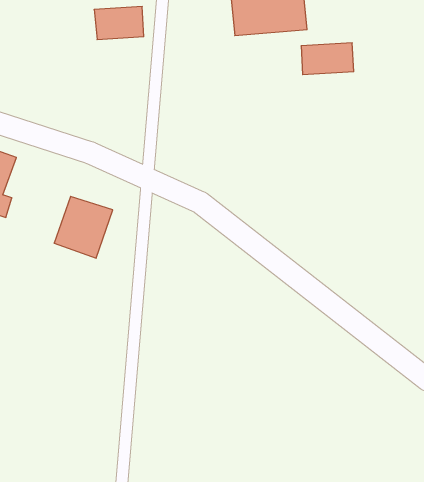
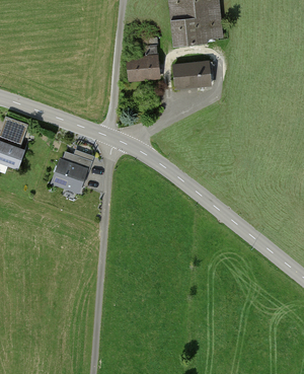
building: [94,7,144,40] -> [128,57,161,79]
building: [301,43,354,75] -> [176,64,212,85]

